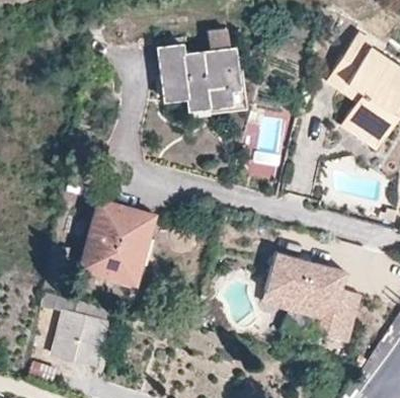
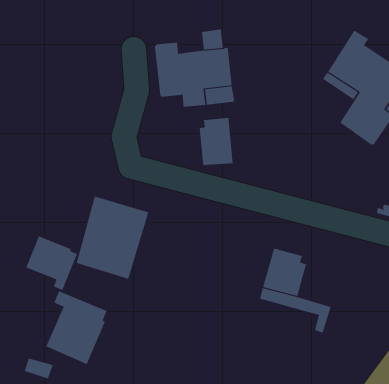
building: none -> [199,117,233,166]
building: none -> [26,235,78,291]
building: [300,263,361,342] -> none

